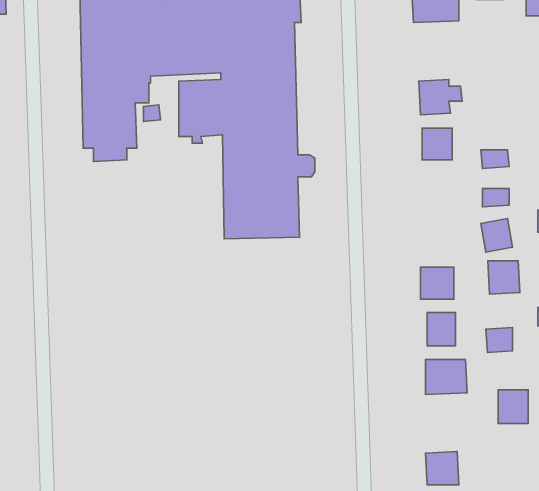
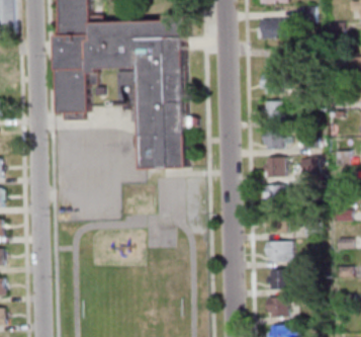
building: none -> [264,129,283,150]
building: [488,261,520,294] -> [266,157,285,177]
building: [498,390,528,423] -> [269,269,287,289]

